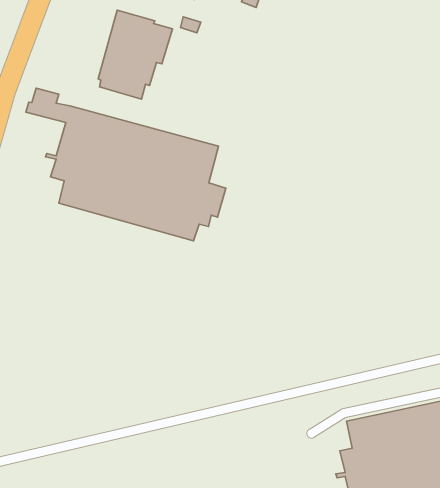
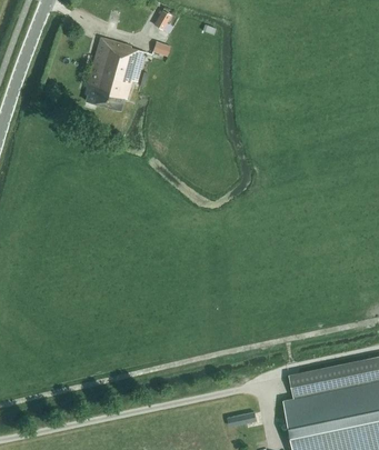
building: [26,88,226,241] -> none

